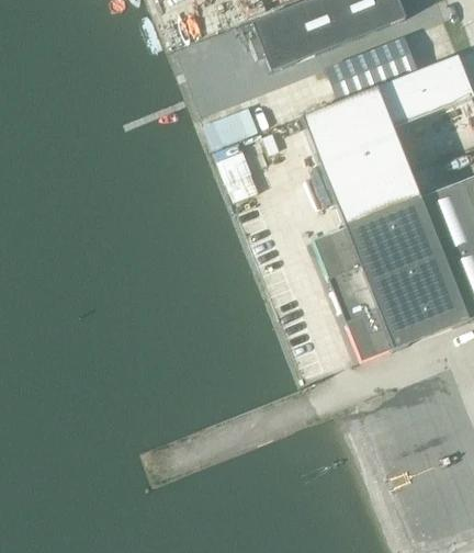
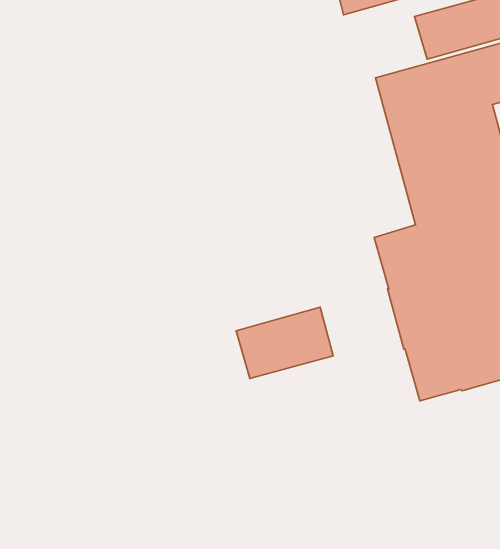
building: none -> [236,307,333,378]

